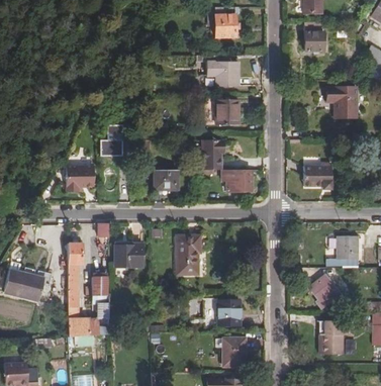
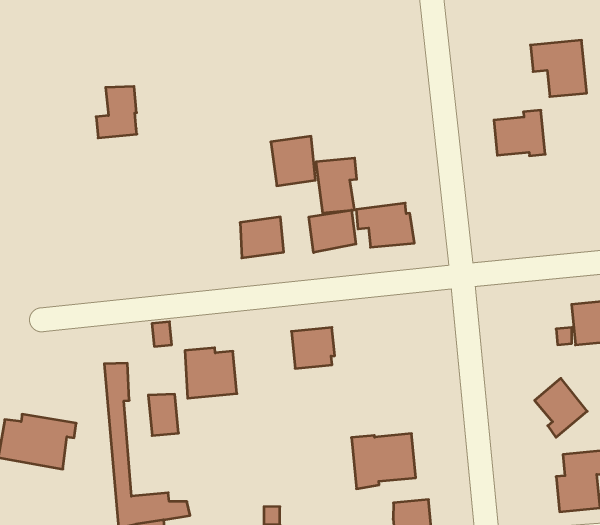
building: [207,61,237,85] -> none
building: [215,98,239,124] -> [271,136,315,186]
building: [99,126,122,155] -> [96,86,137,138]
building: [305,162,332,187] -> [494,110,545,156]
building: none -> [309,210,356,253]
building: [60,171,92,195] -> none
building: [177,257,198,274] -> none

